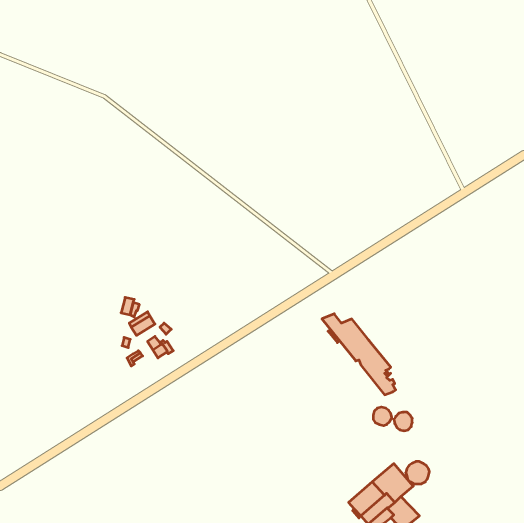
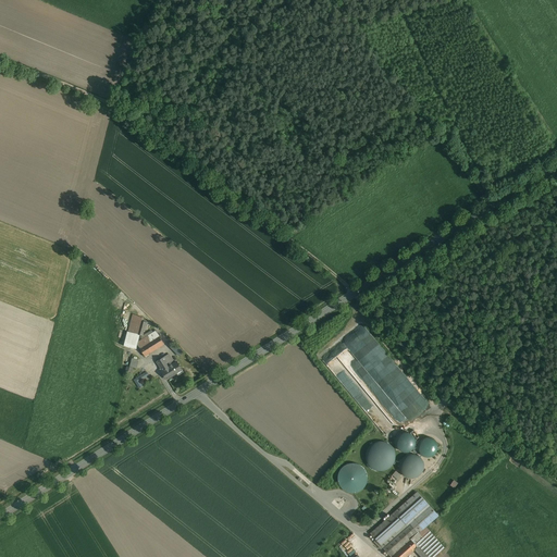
building: none -> [367,443,395,471]
building: none -> [338,465,367,494]
building: [406,461,429,484] -> [399,455,424,479]

